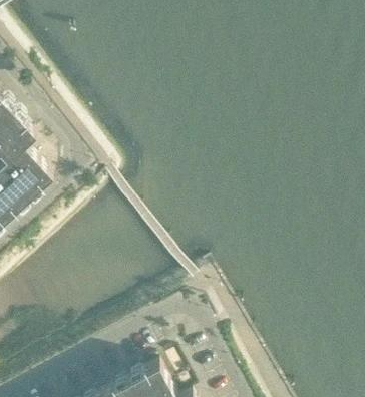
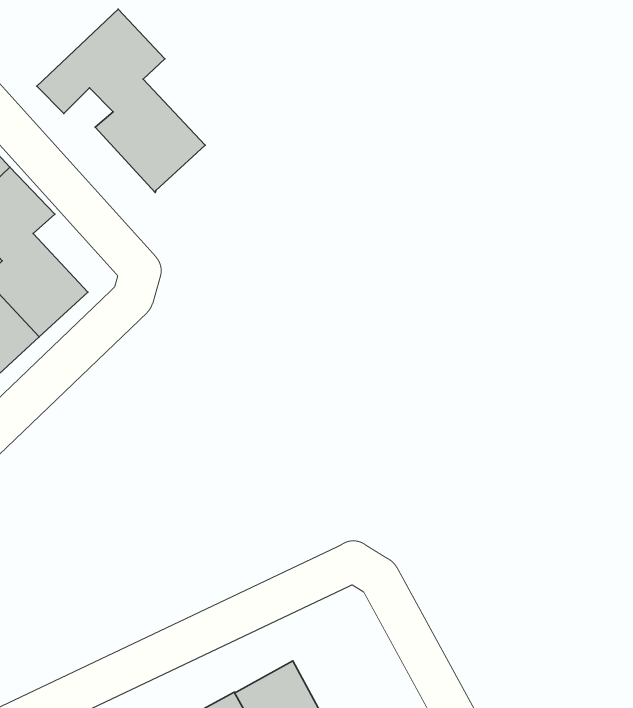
building: none -> [37,9,205,192]

